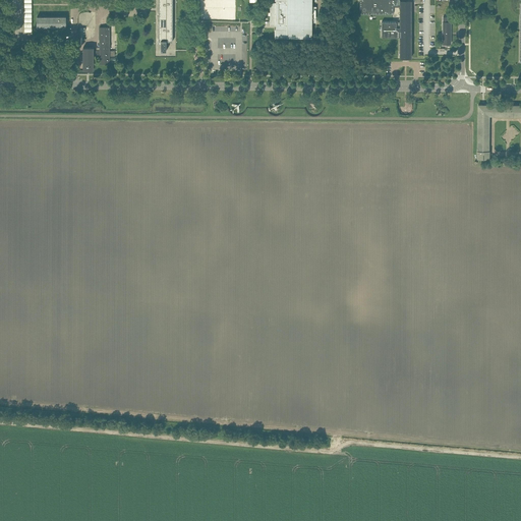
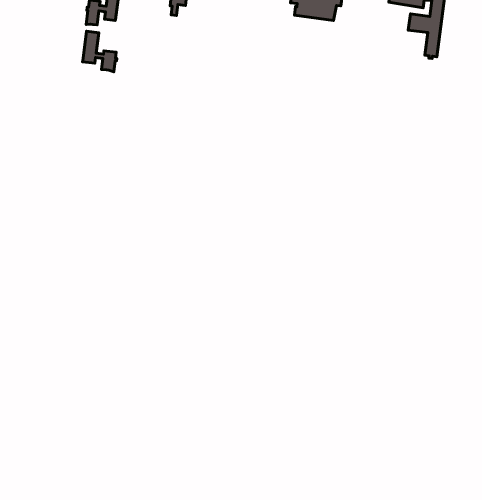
building: none -> [83,31,117,72]

